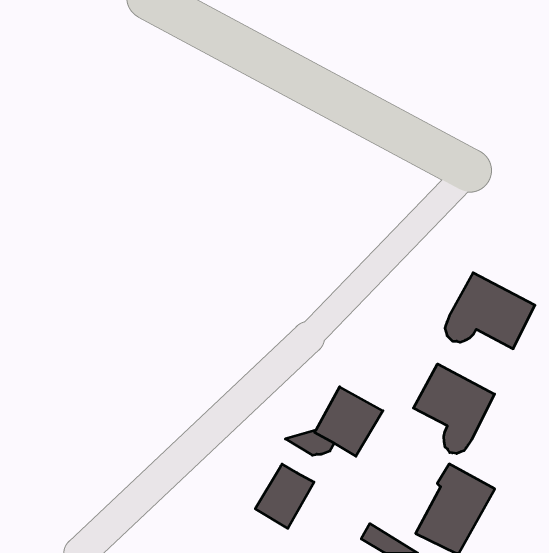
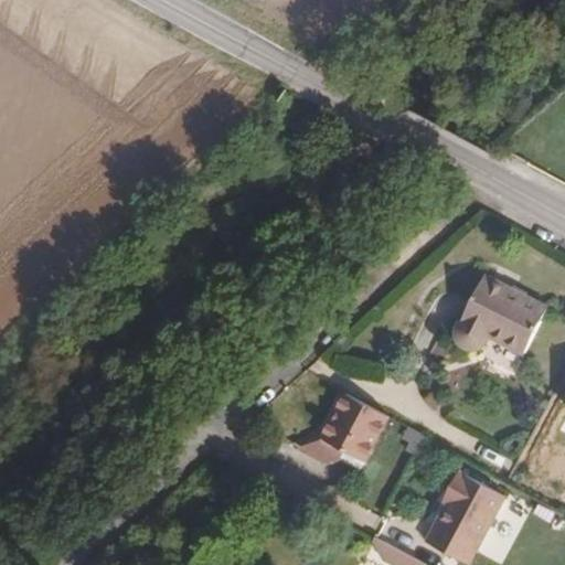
building: [413,364,495,454] -> none
building: [255,464,314,528] -> none

